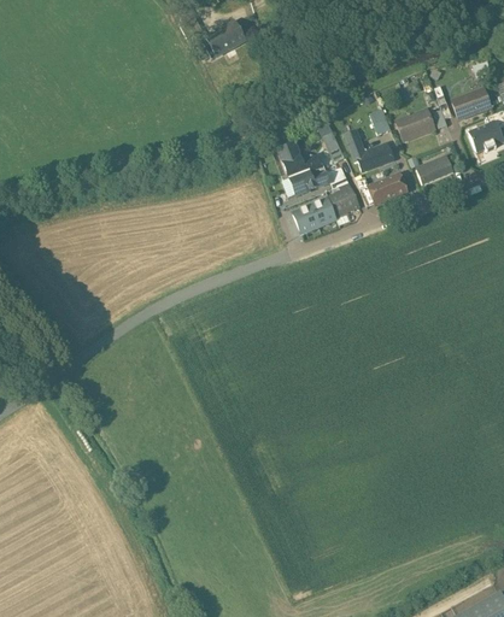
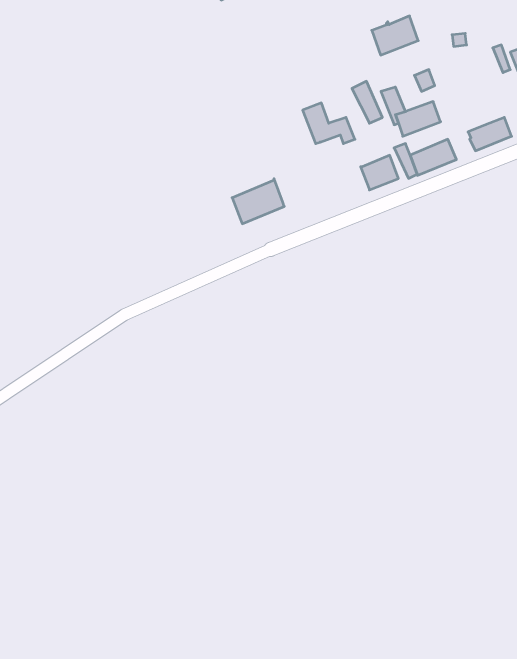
building: [395,107,434,140] -> [372,16,418,55]
building: [292,169,330,194] -> none
building: [292,195,335,233] -> [232,179,284,224]

